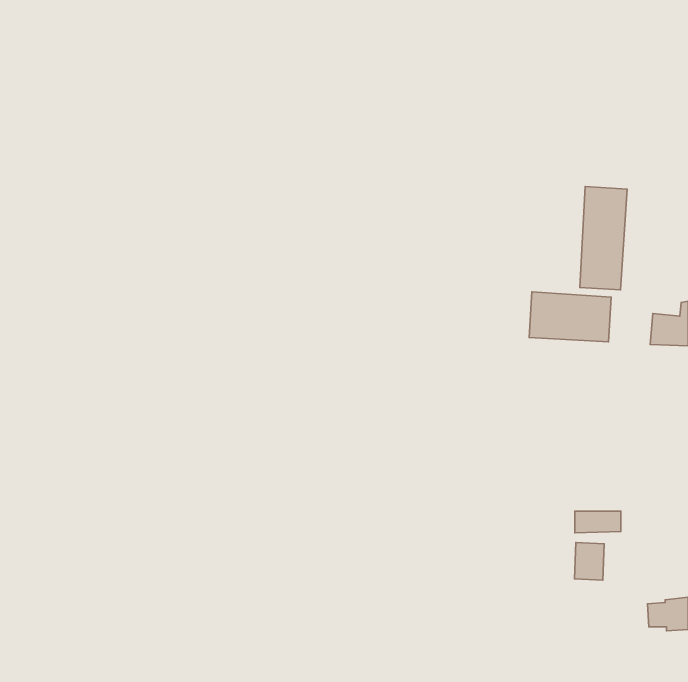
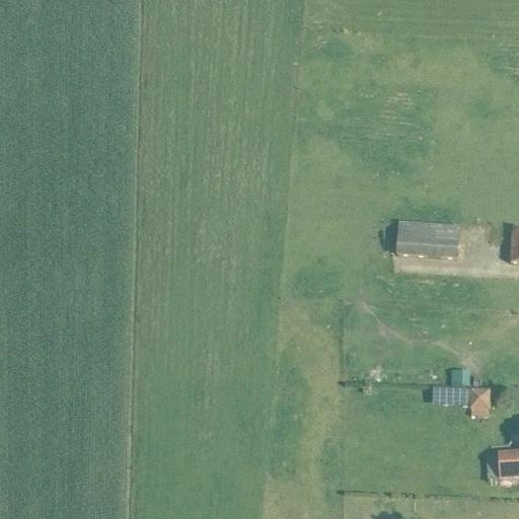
building: [580,187,627,290] -> none
building: [574,543,604,580] -> [467,386,490,415]

